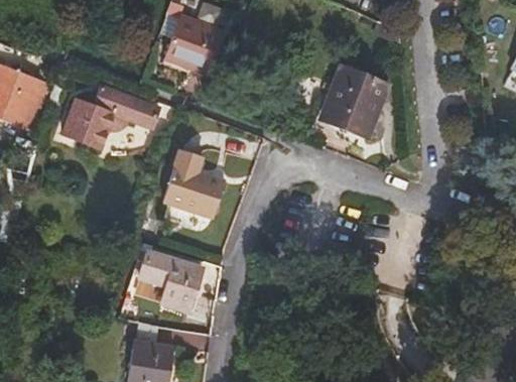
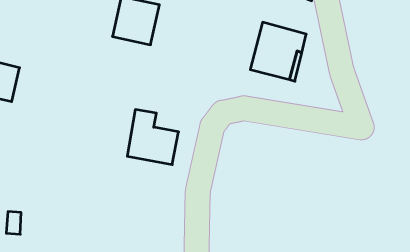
building: [59,85,160,150] -> none
building: [138,252,203,312] -> none

